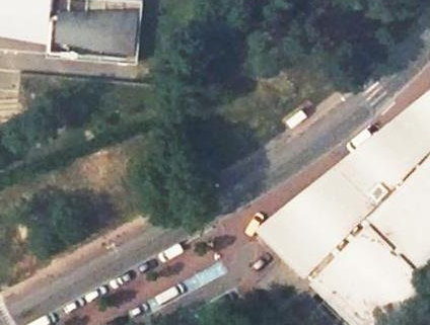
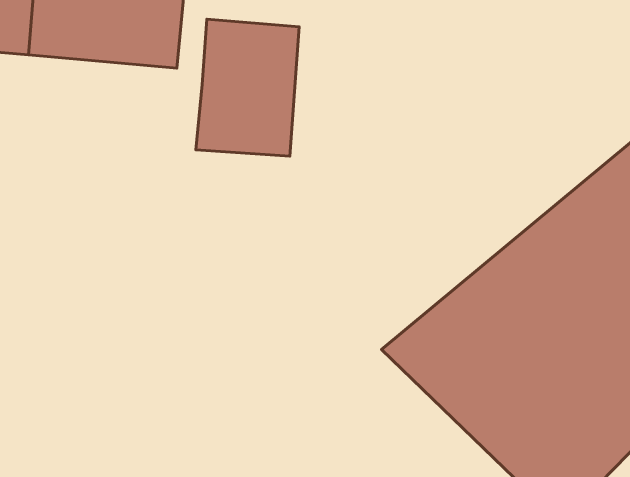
building: none -> [196,19,299,156]

